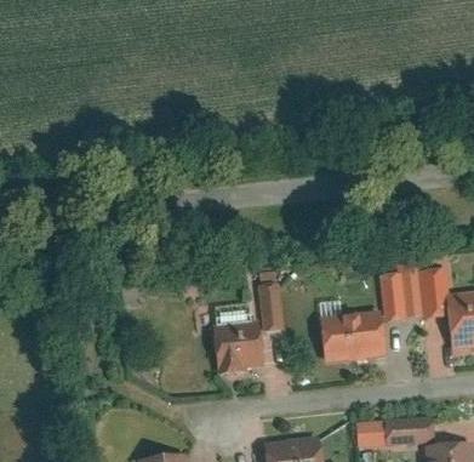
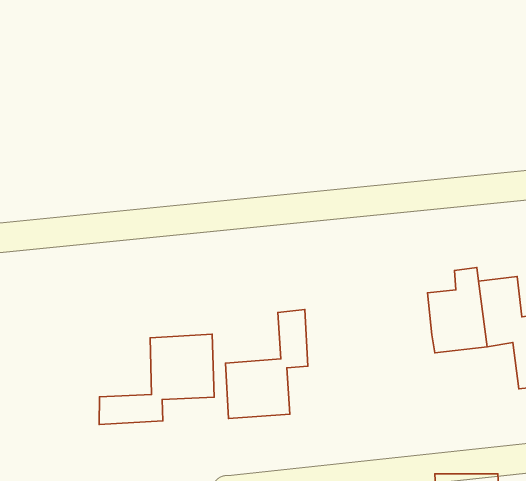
building: none -> [99,334,214,424]
building: [309,304,388,369] -> none

